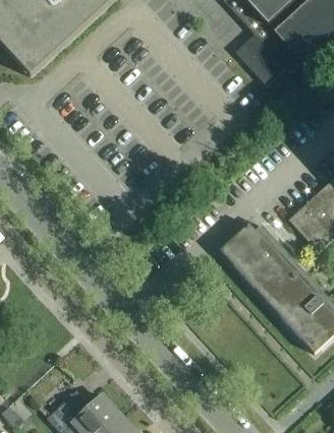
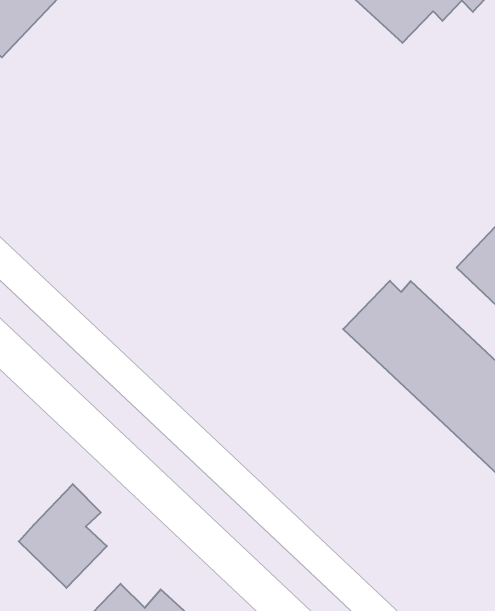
building: none -> [19,484,107,588]

